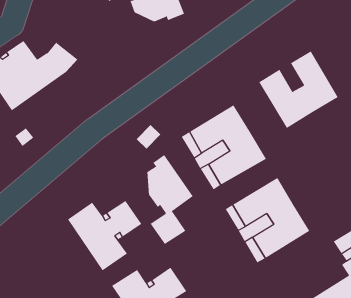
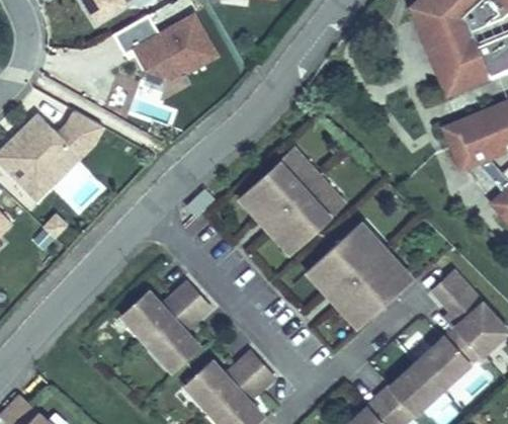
building: [259,51,338,129] -> none
building: [147,154,193,245] -> none

